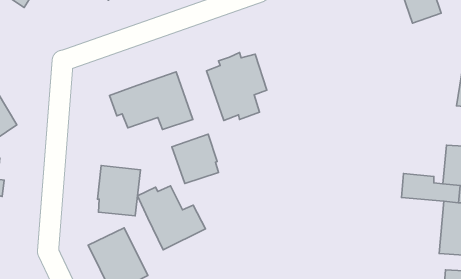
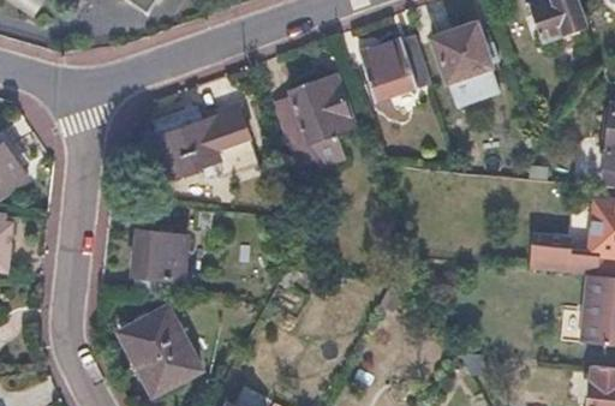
building: none -> [356,17,435,101]
building: none -> [435,24,504,107]
building: [172,134,219,184] -> none
building: [137,186,205,250] -> none

